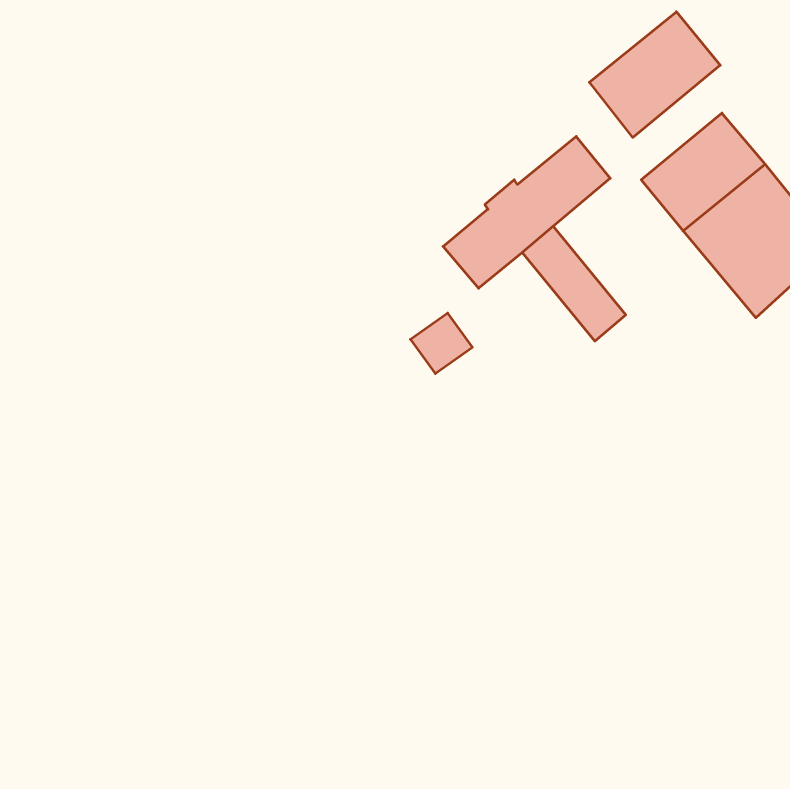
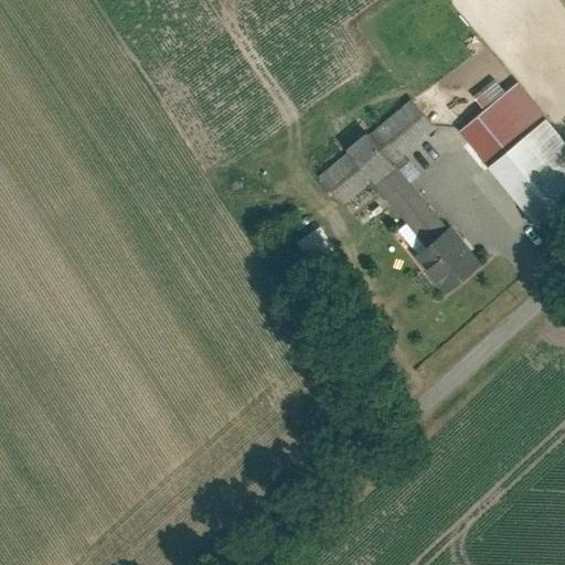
building: [589,12,720,137] -> none
building: none -> [414,226,481,294]

